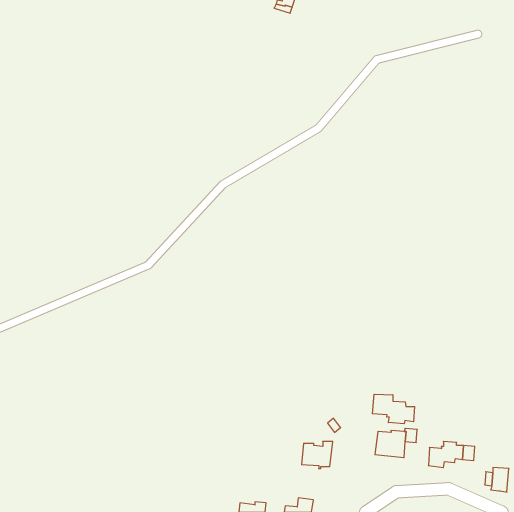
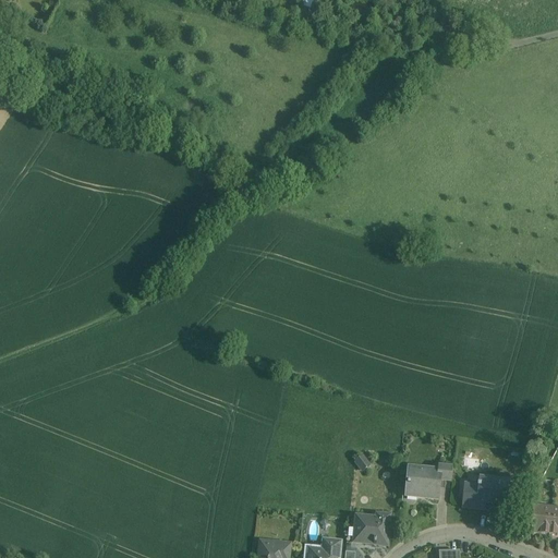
building: [372,394,415,424] -> none
building: [302,441,333,469] -> [354,513,388,543]

